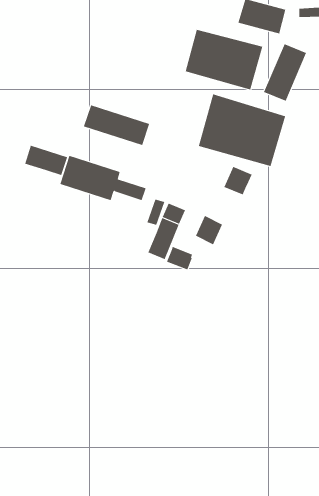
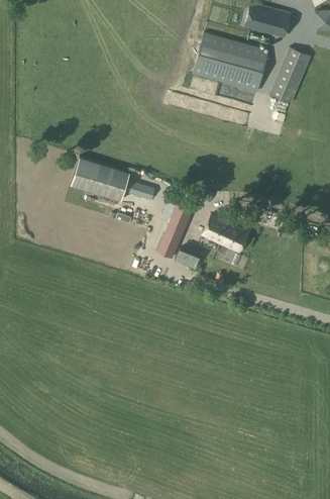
building: [198,94,286,167] -> none
building: [83,105,150,146] -> none
building: [24,145,68,176] -> none
building: [223,166,252,195] -> [221,224,249,253]

